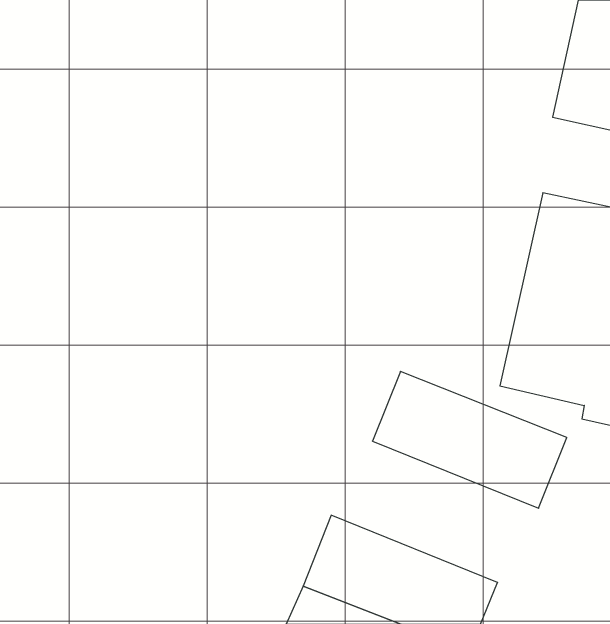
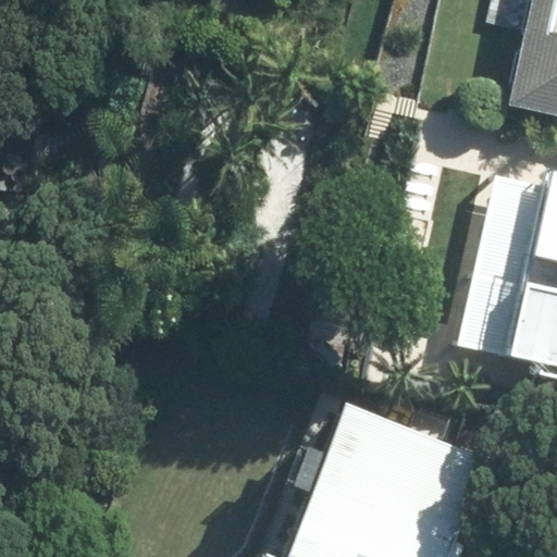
building: [372,371,567,508] -> [308,397,481,519]

